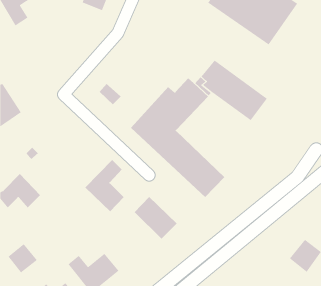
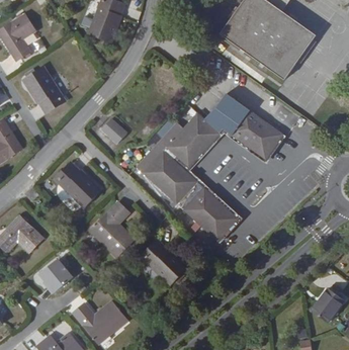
building: none -> [22,64,65,111]
building: none -> [57,162,102,208]
building: [8,243,38,273] -> [40,260,73,292]

